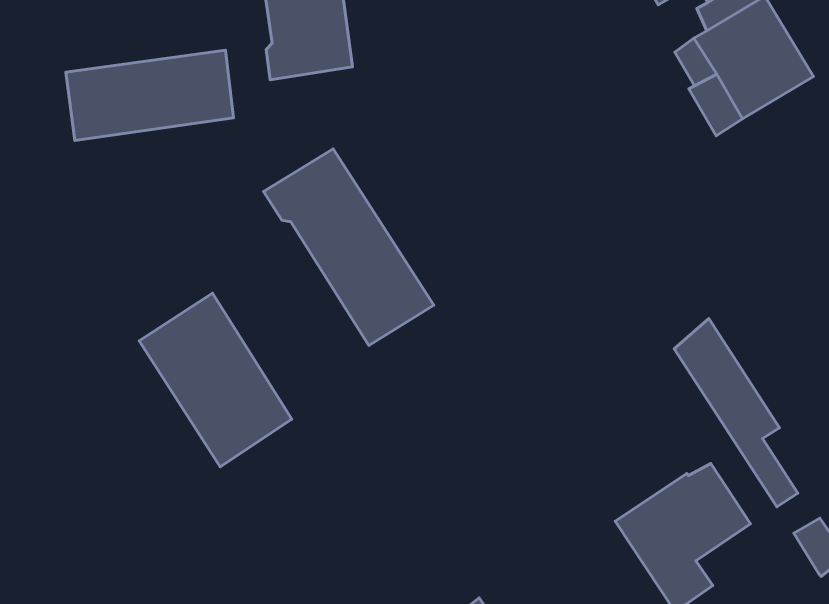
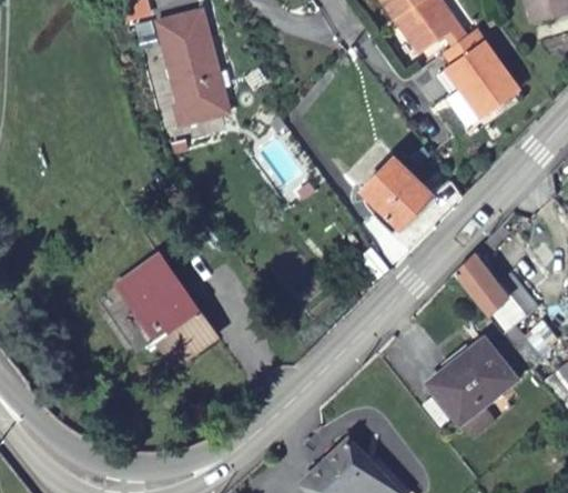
building: [66,50,233,140] -> none
building: [263,149,434,345] -> none
building: none -> [361,168,429,234]

